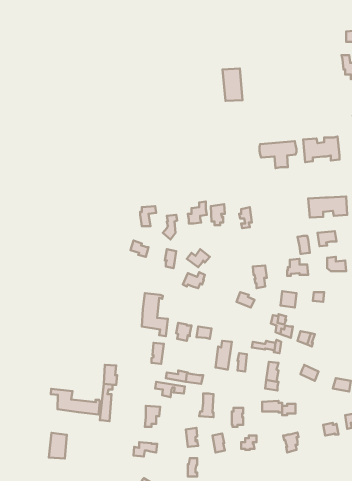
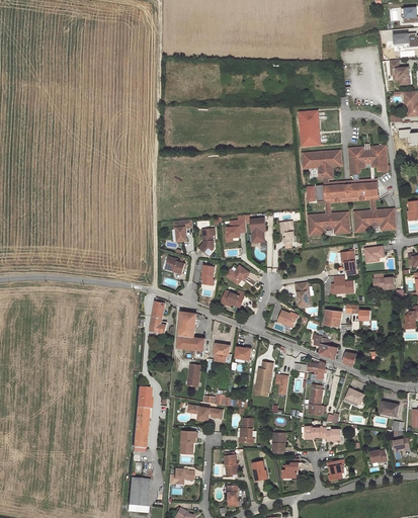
building: [223,69,243,101] -> [299,111,320,146]
building: none -> [315,180,374,202]
building: none -> [308,212,348,235]
building: none -> [150,297,166,334]
building: [51,389,100,414] -> none
building: [49,433,67,459] -> [128,479,147,506]

